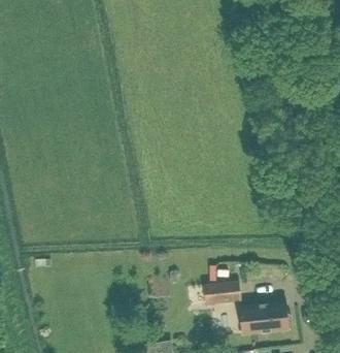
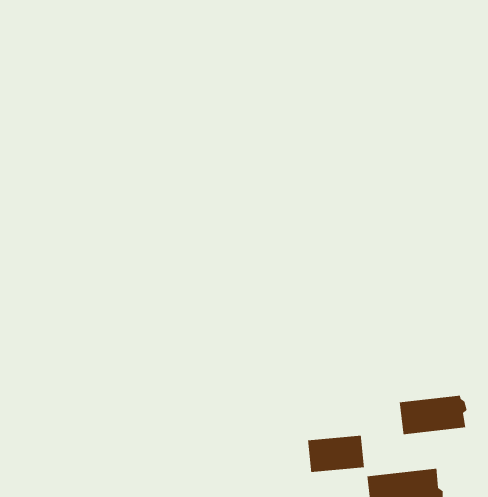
building: none -> [399,395,467,435]

